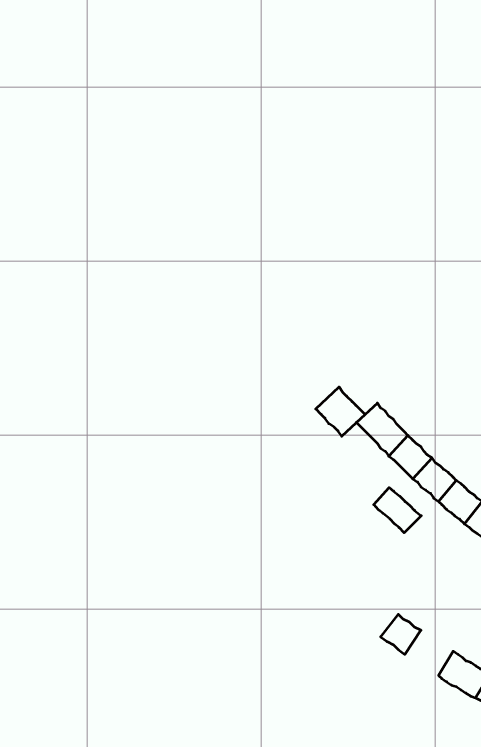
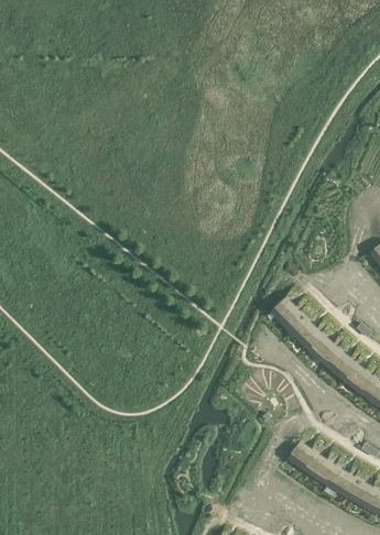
building: [316,387,365,436] -> none
building: [374,488,421,533] -> none
building: none -> [304,454,337,484]

